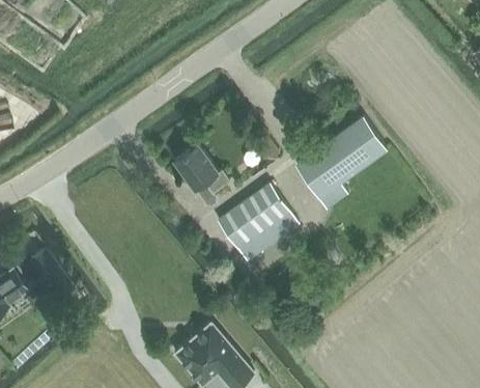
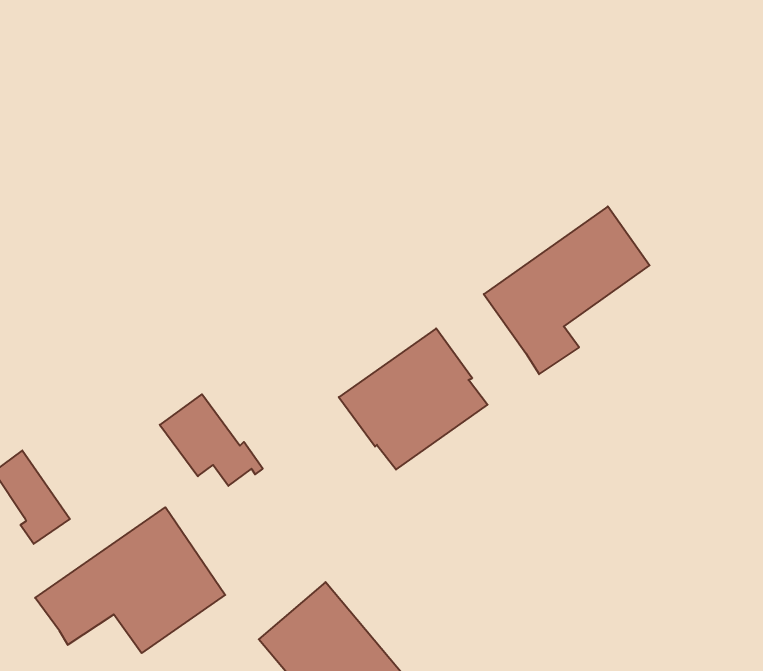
building: [174,144,230,194] -> [160,394,263,486]
building: none -> [35,507,225,653]

